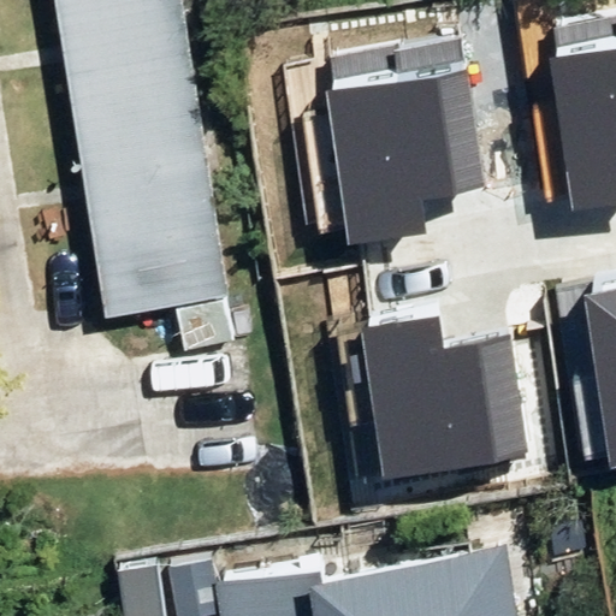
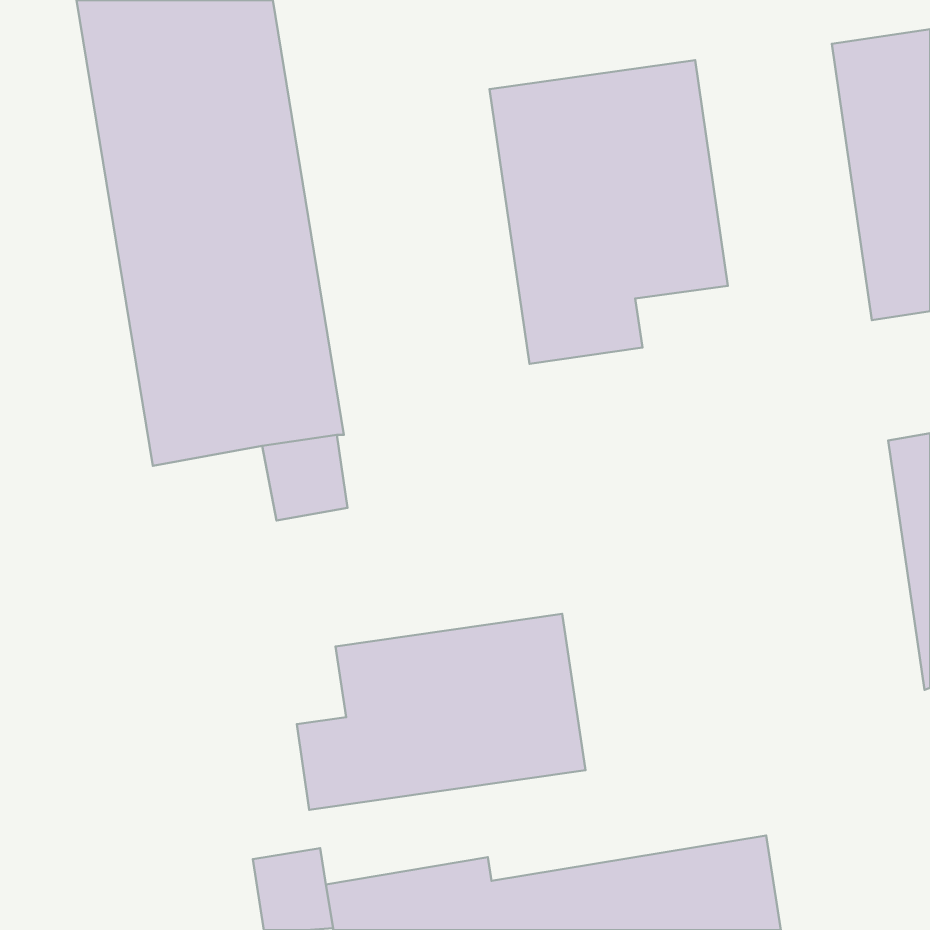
building: [363,320,527,478] -> none
building: none -> [297,614,585,810]

